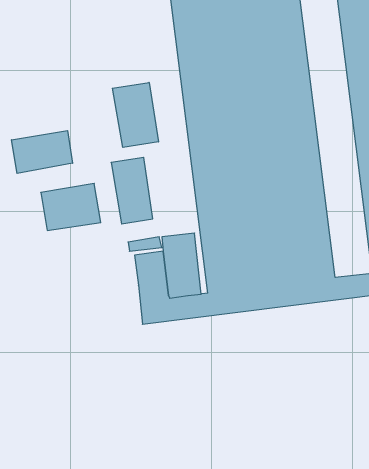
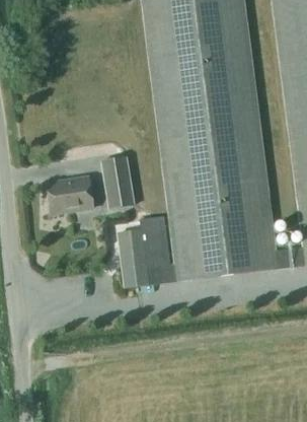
building: [112,82,158,147] -> none
building: [12,131,73,173] -> none

